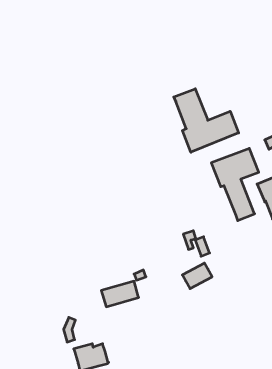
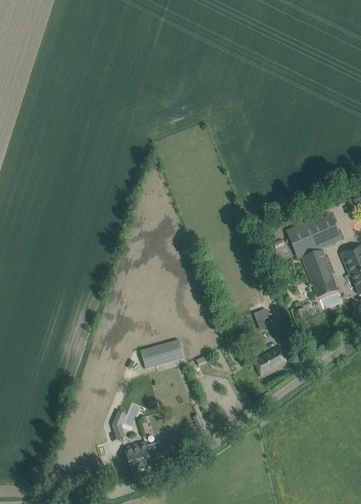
building: [174,89,239,152] -> none
building: [101,281,139,307] -> [140,339,184,369]

